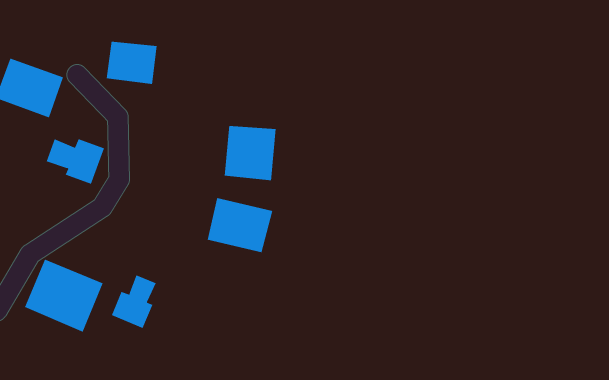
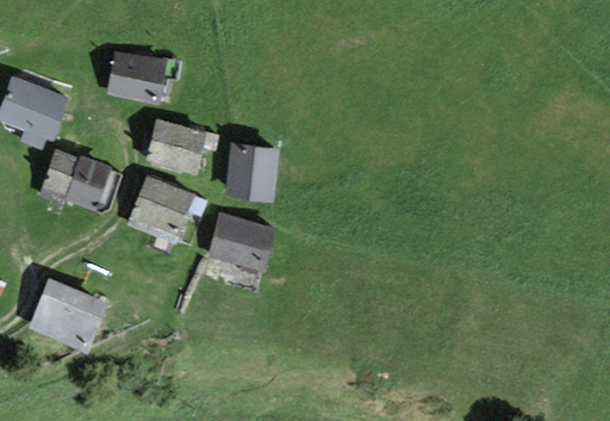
building: none -> [148,122,205,173]
building: none -> [129,178,191,242]
building: [111,274,156,329] -> none

